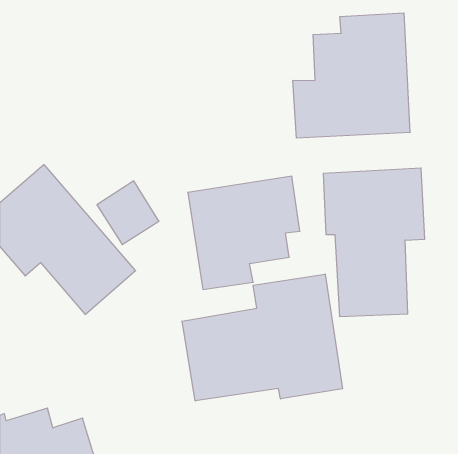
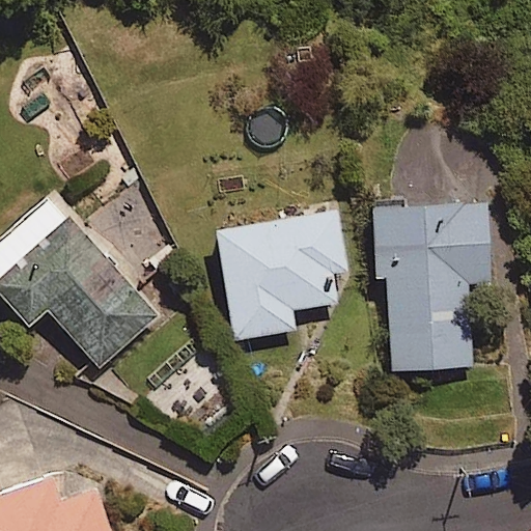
building: [293,13,410,138] -> none
building: [182,274,343,401] -> none

